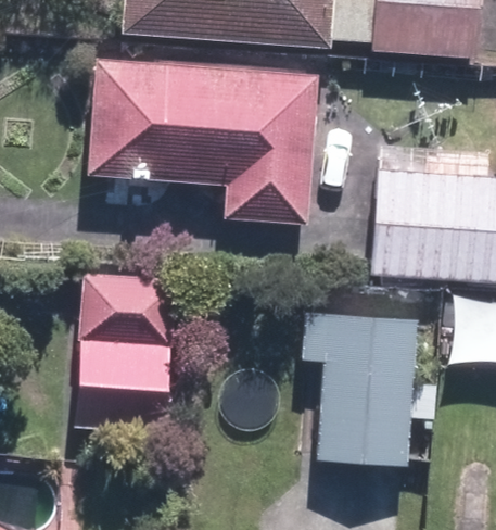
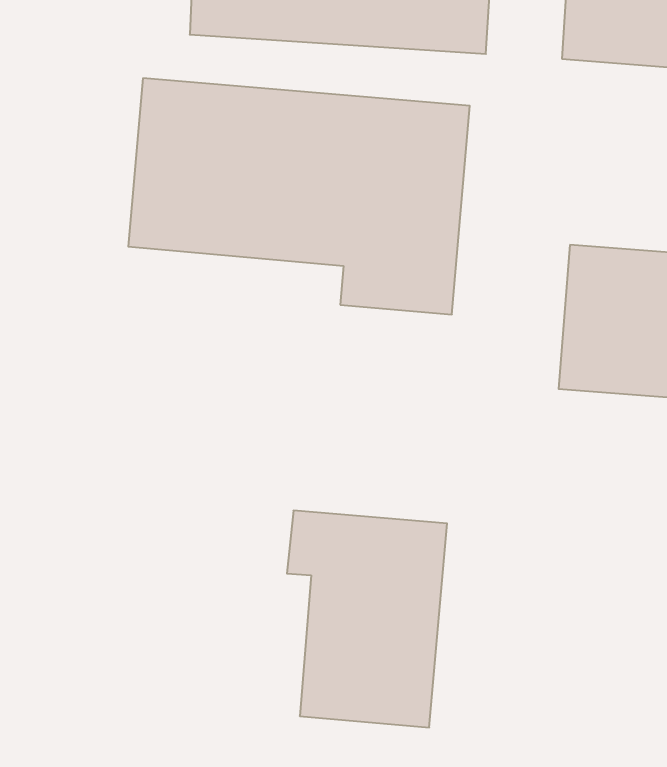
building: [76,278,171,427] -> none
building: [309,314,417,459] -> [287,511,447,727]

